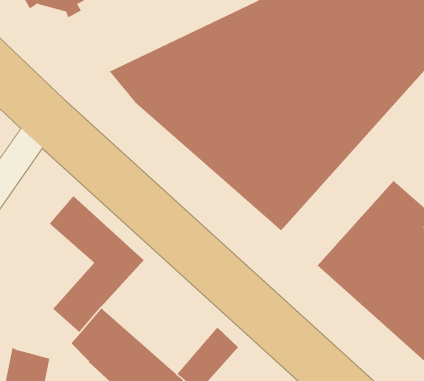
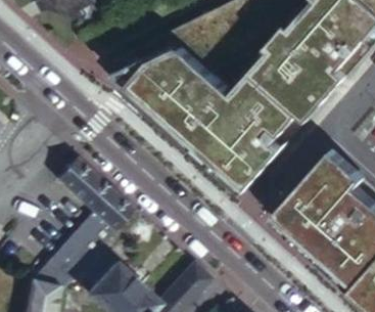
building: none -> [32,250,82,289]

